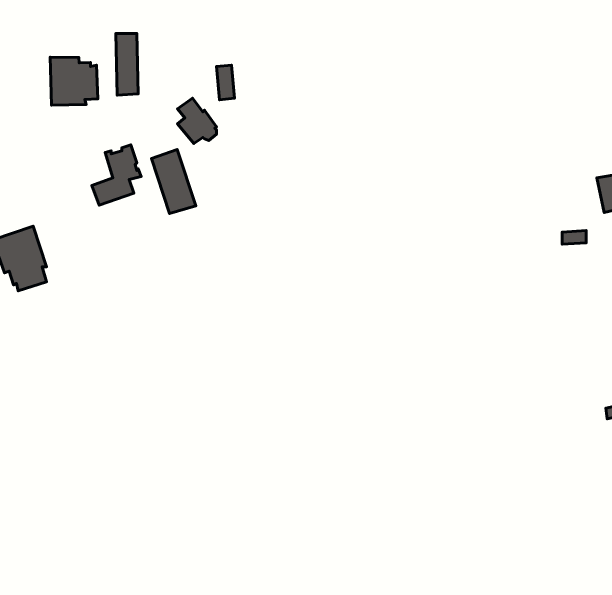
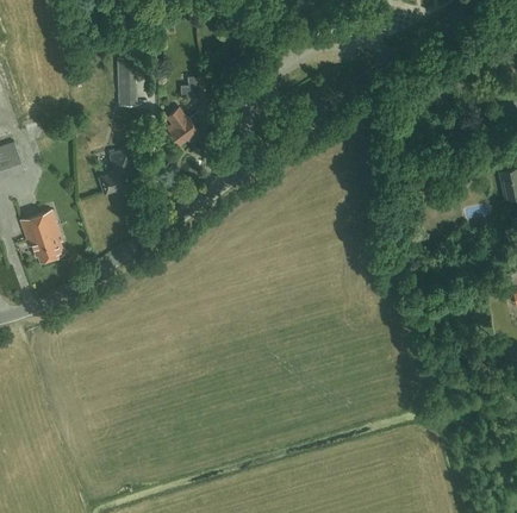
building: [50,57,98,105] -> none
building: [151,149,196,214] -> none

